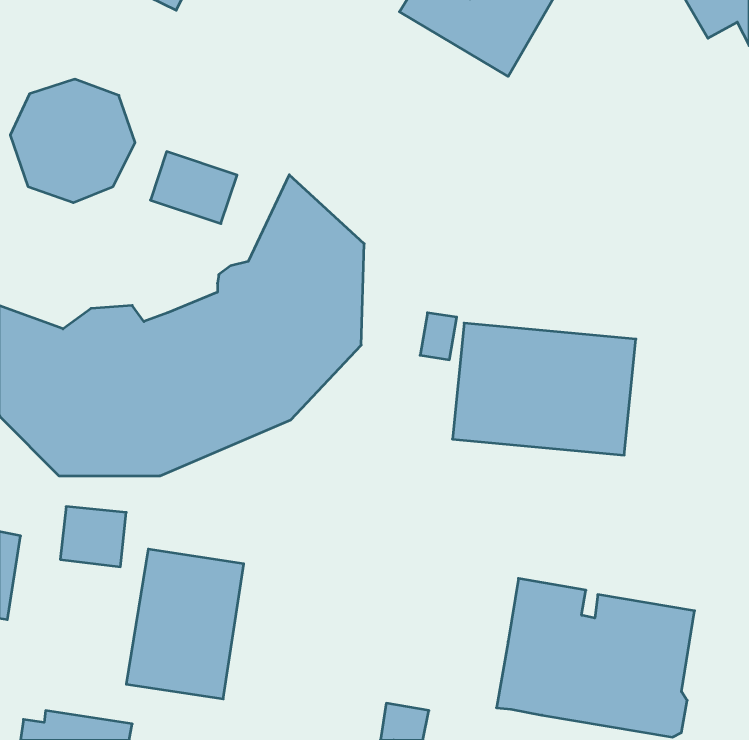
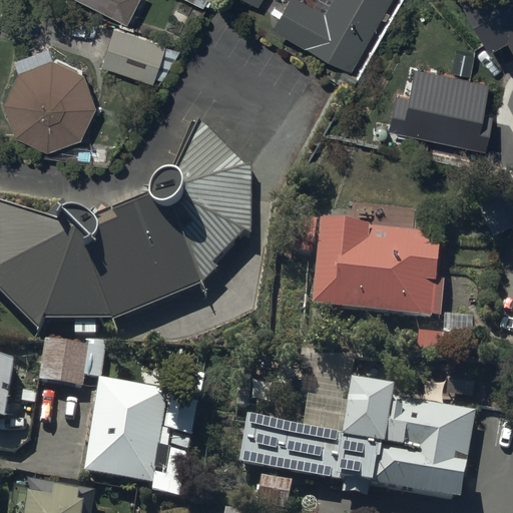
building: none -> [386,61,484,132]
building: [150,152,237,224] -> [100,19,159,68]
building: none -> [246,422,347,483]

